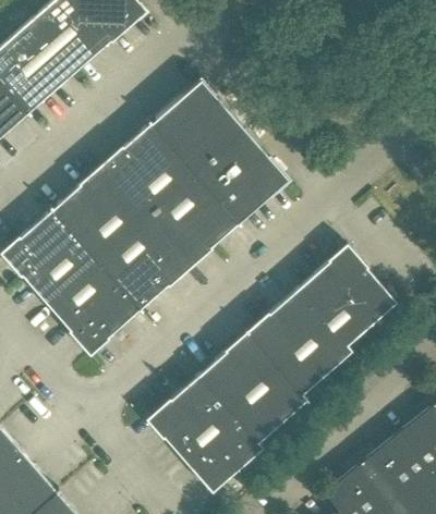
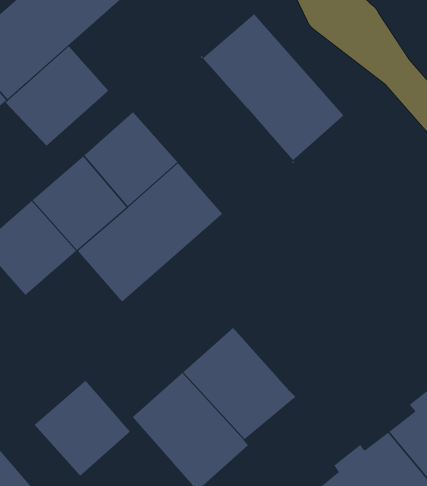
building: none -> [5,46,109,147]
building: [148,81,288,227] -> [200,13,344,164]
building: [247,247,396,394] -> none
building: [46,259,140,353] -> [34,380,131,477]

